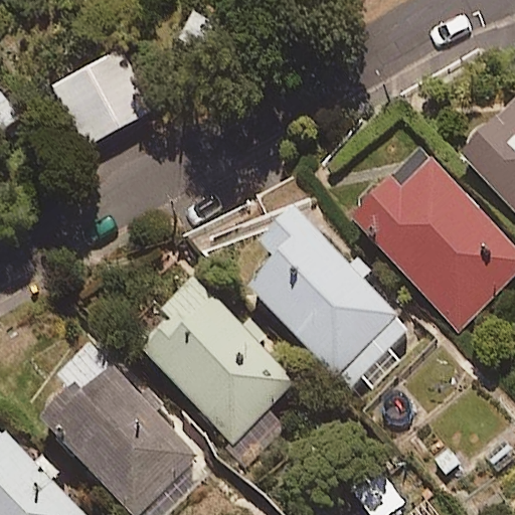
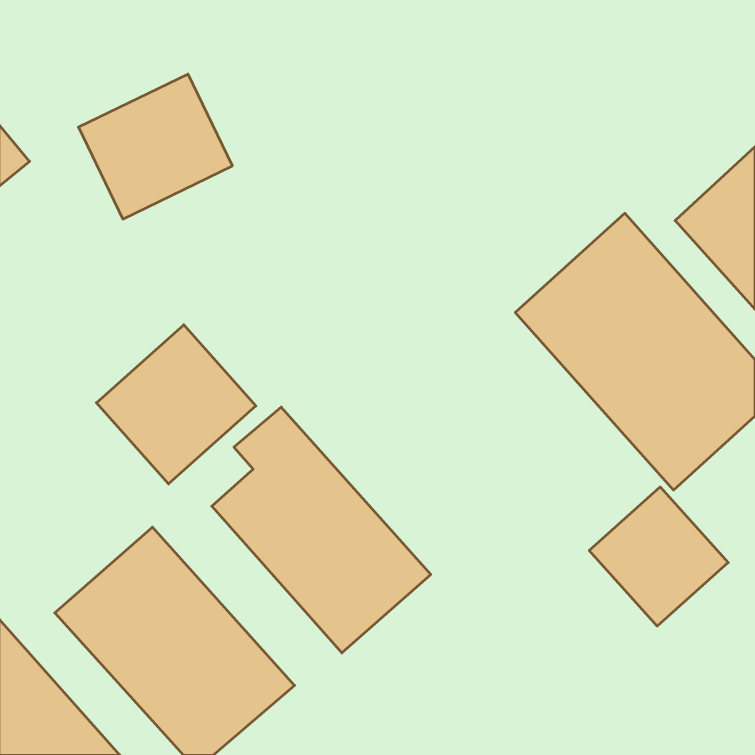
building: [247,200,404,380] -> none
building: none -> [96,325,256,484]
building: none -> [589,487,728,626]

